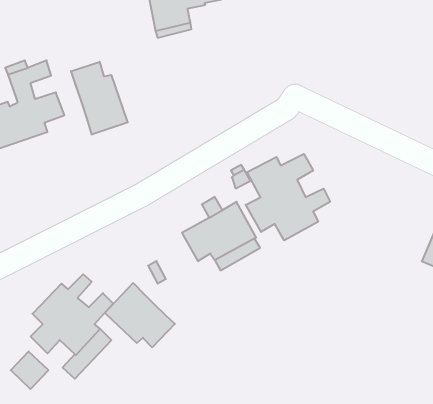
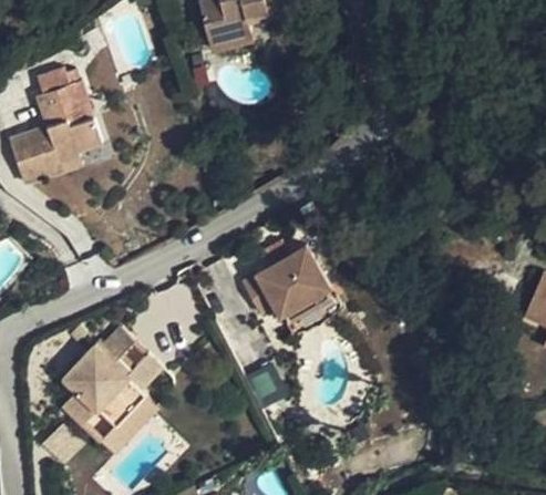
building: [71,62,128,135] -> none
building: [246,154,330,240] -> none
building: [105,283,175,347] -> none

